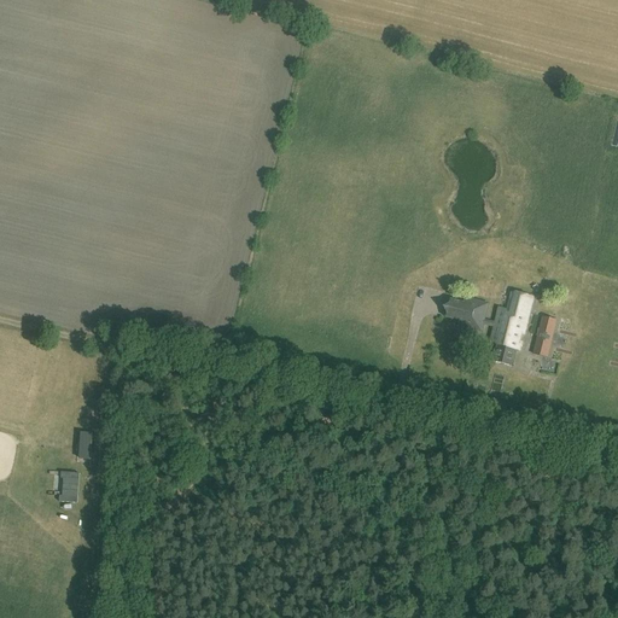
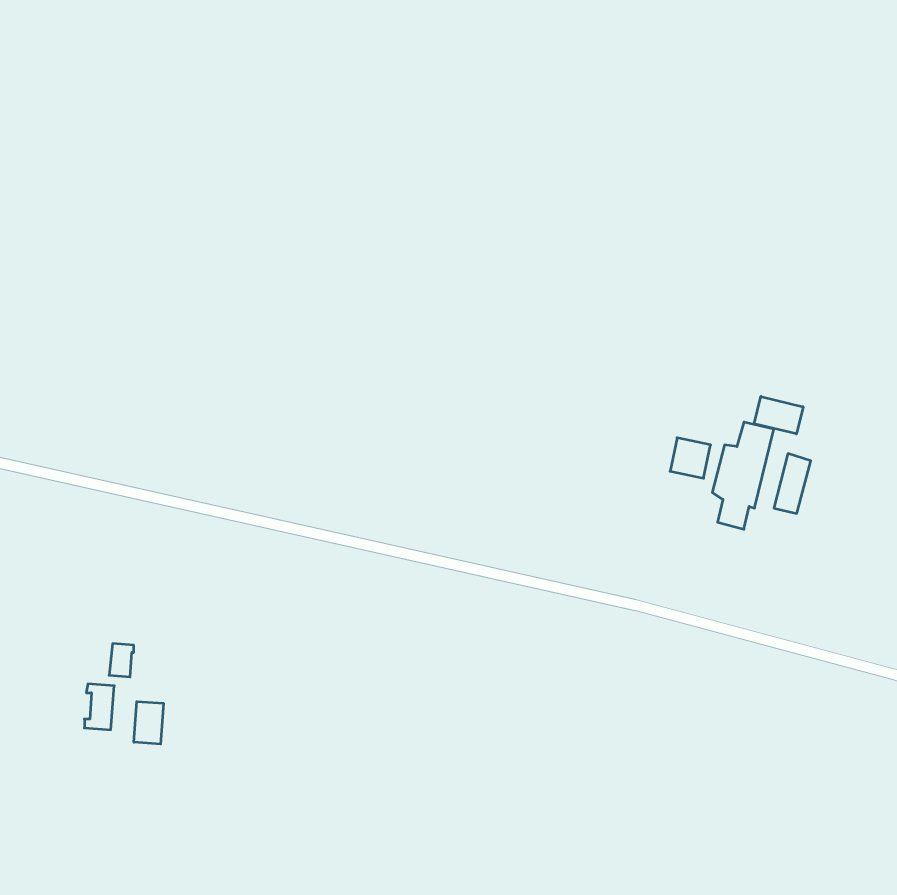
building: none -> [754,396,803,434]
building: none -> [134,702,163,744]

